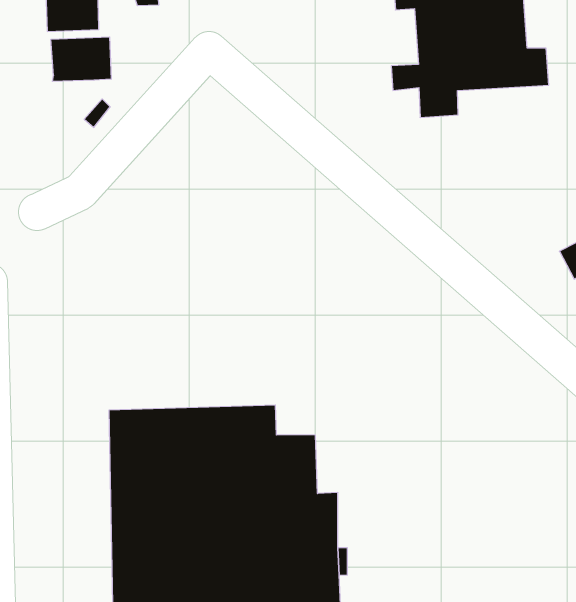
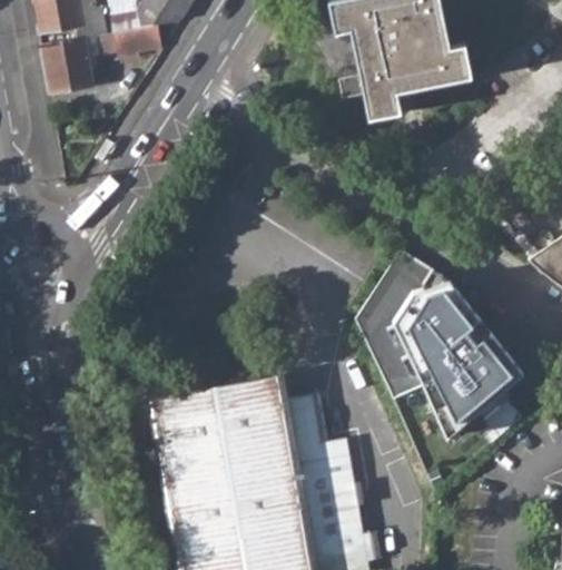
building: [51,37,111,81] -> none
building: none -> [355,252,524,441]

